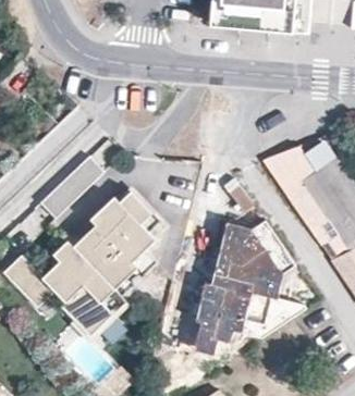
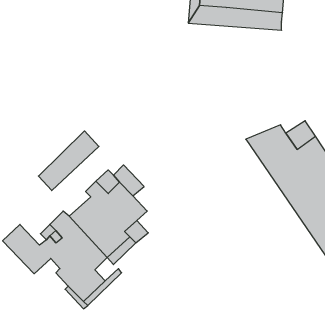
building: [193,211,298,348] -> none

